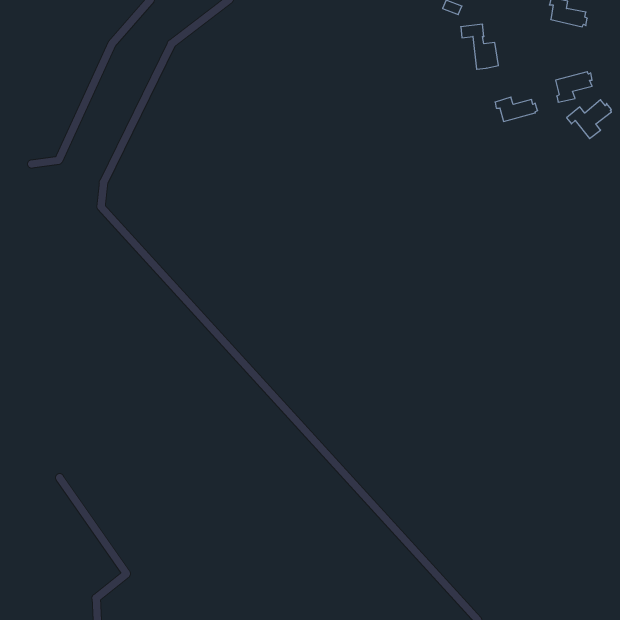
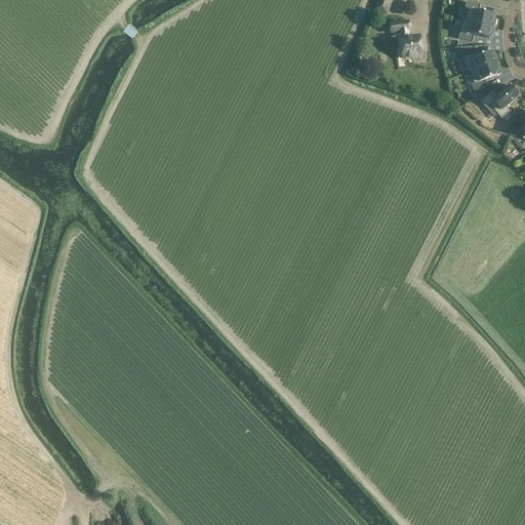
building: none -> [457,16,493,37]
building: [495,97,538,121] -> [461,47,497,68]

